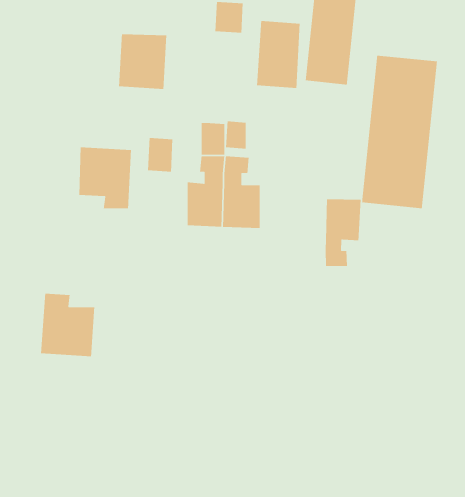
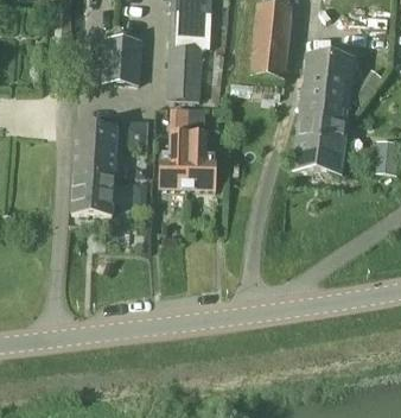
building: [256,20,300,89] -> [167,45,202,99]
building: [325,199,361,267] -> none
building: [40,293,95,357] -> [72,163,115,213]

